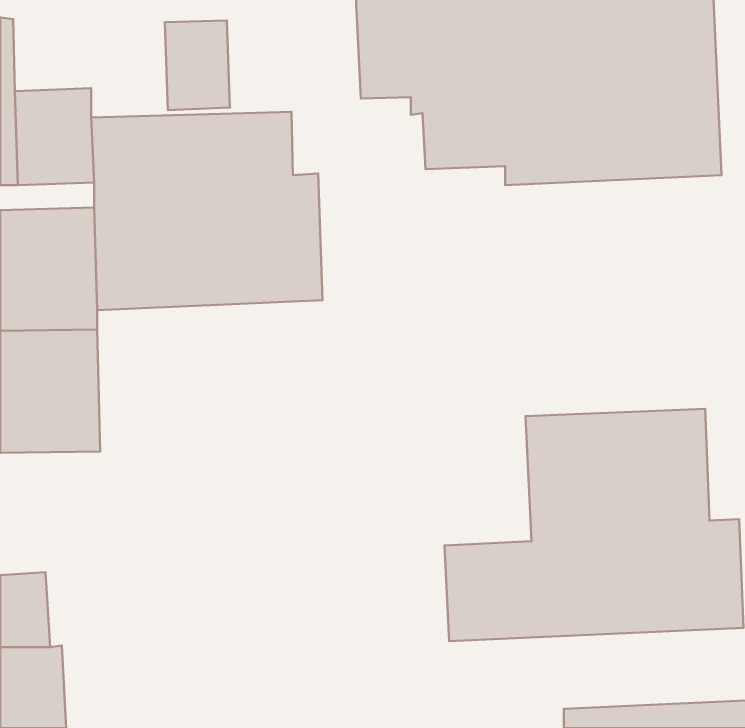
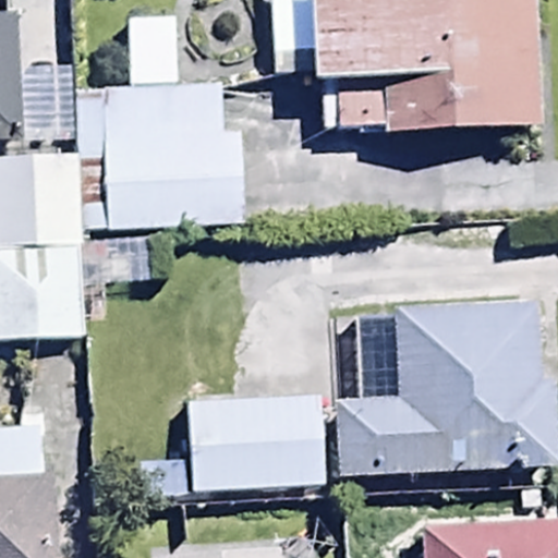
building: none -> [189,392,327,498]

